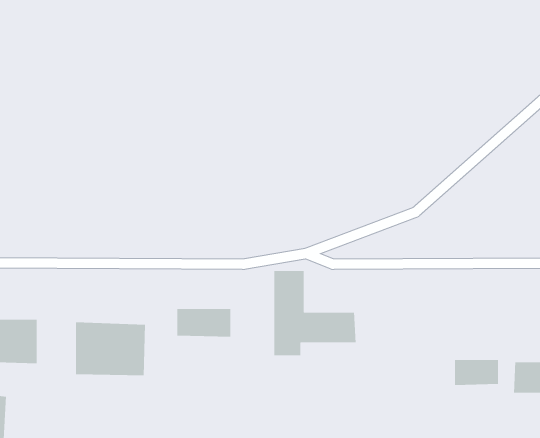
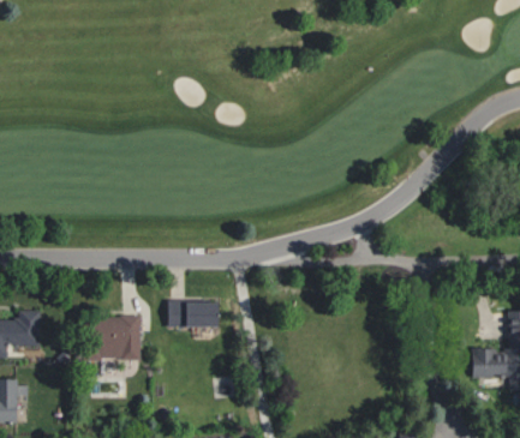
building: [273,270,357,356] -> none
building: [454,359,499,386] -> none

